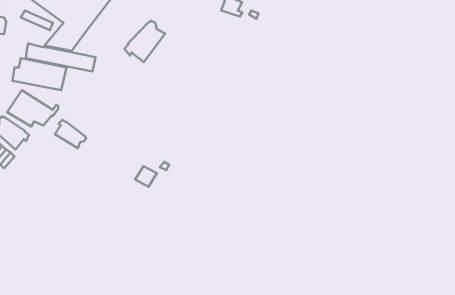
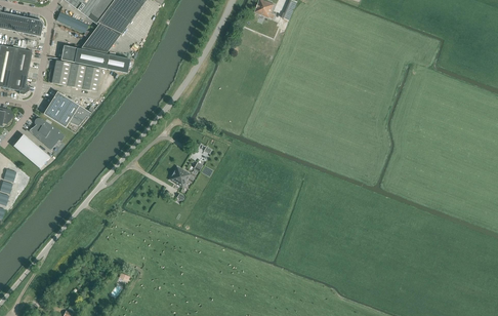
building: [125,20,165,62] -> none
building: [55,120,86,148] -> none

